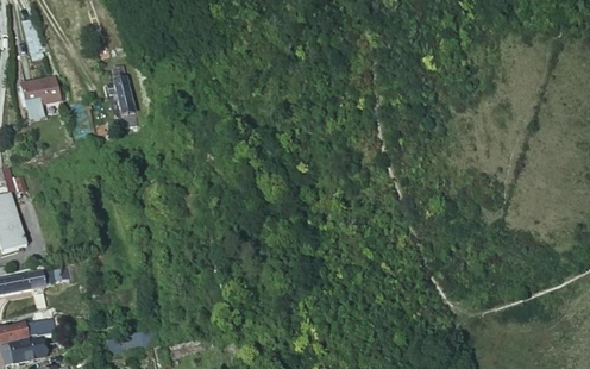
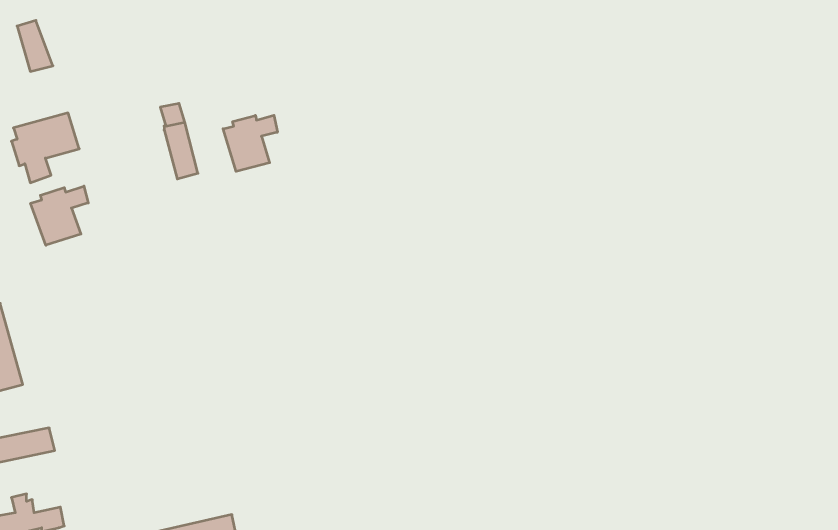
building: none -> [223,115,277,171]
building: none -> [31,186,88,245]

